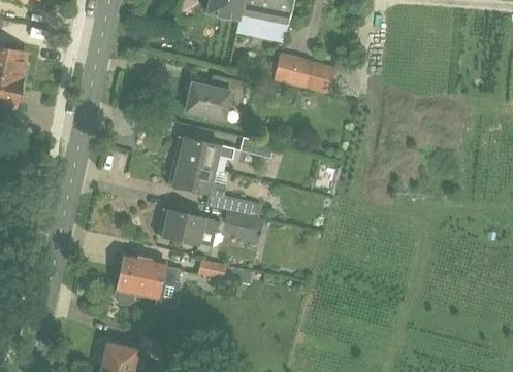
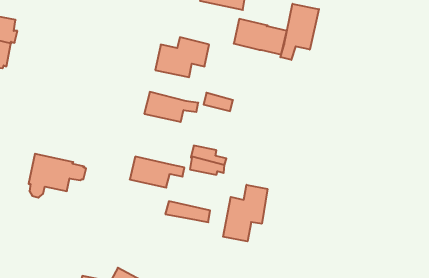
building: none -> [280,4,319,60]
building: [167,160,225,196] -> none
building: none -> [223,185,267,241]
building: [115,253,180,303] -> [29,154,86,198]

